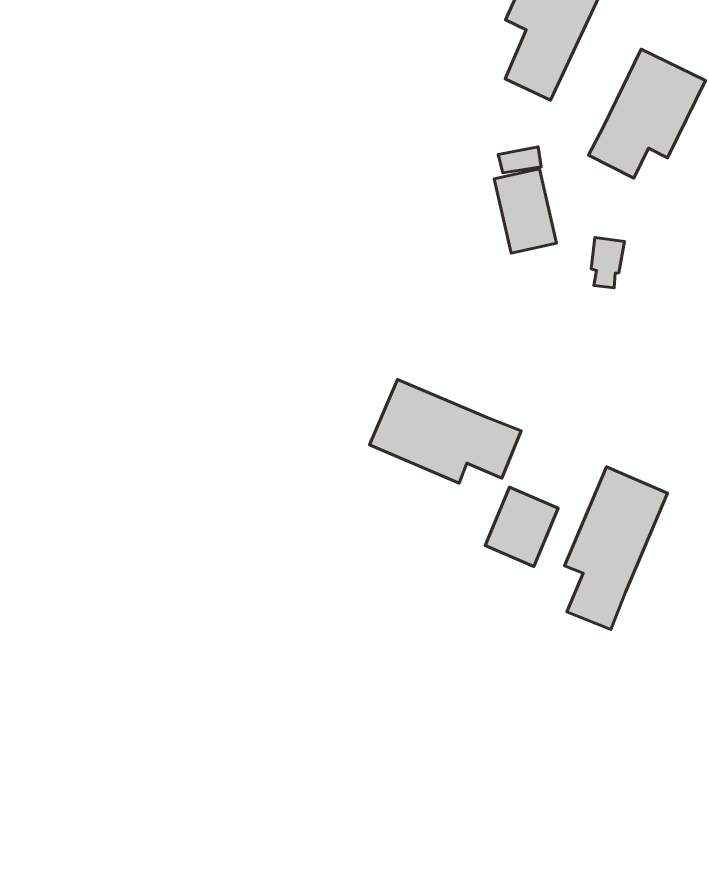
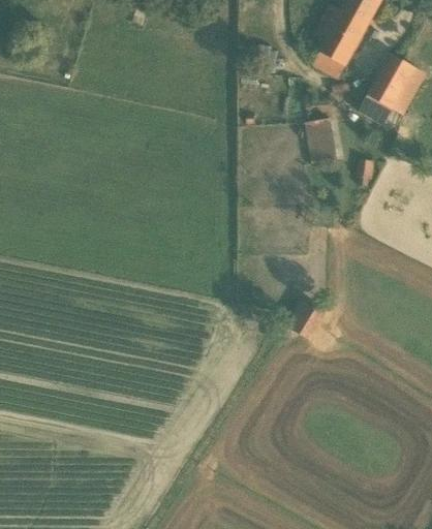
building: [369,379,521,483] -> none
building: [565,467,667,629] -> none

